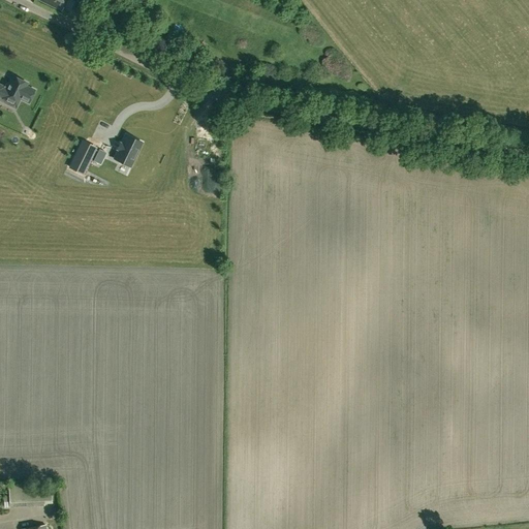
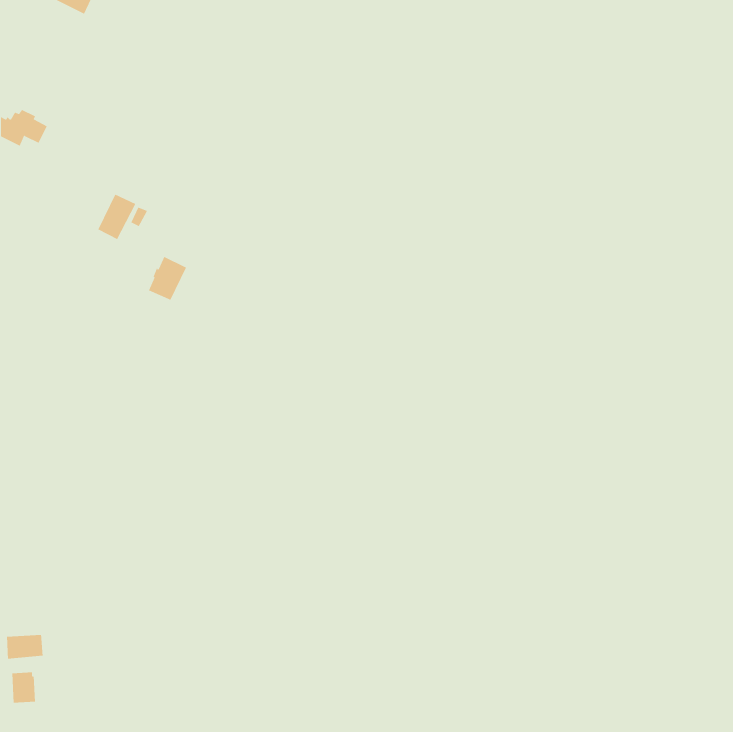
building: [114,134,142,166] -> [148,256,187,301]
building: none -> [7,634,43,659]

